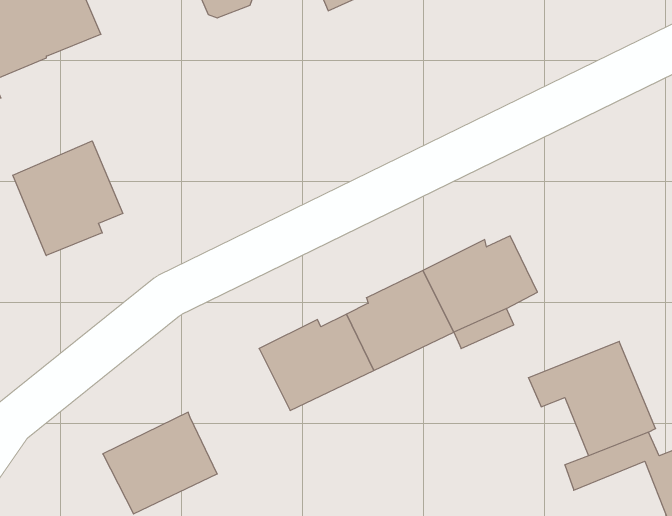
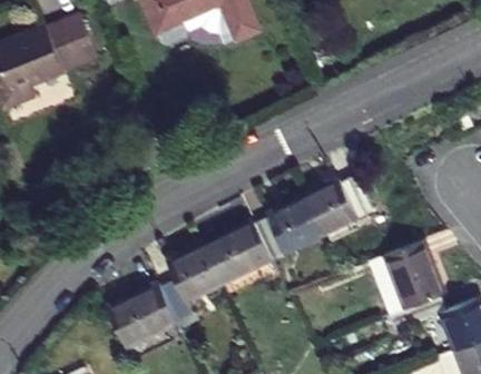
building: [13,141,123,256] -> none
building: none -> [154,248,215,325]

